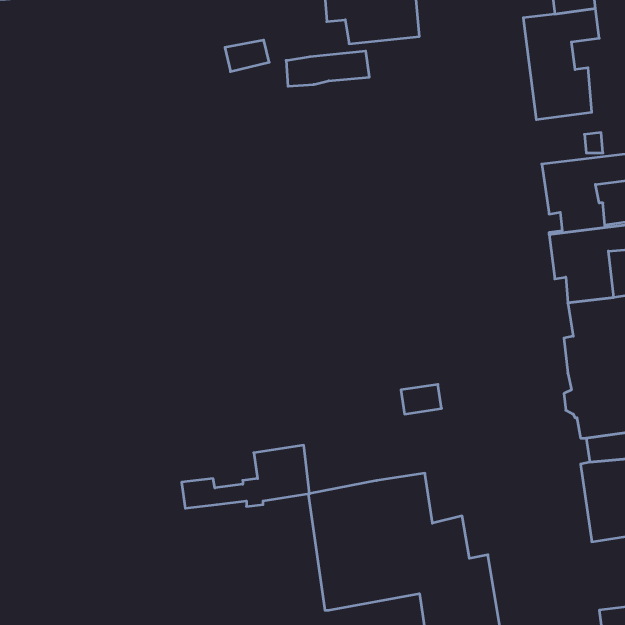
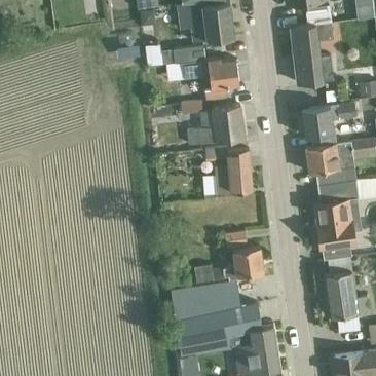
building: none -> [184,59,240,100]
building: none -> [181,102,245,145]
building: none -> [203,147,252,194]
building: [182,445,309,508] -> [193,247,264,281]

